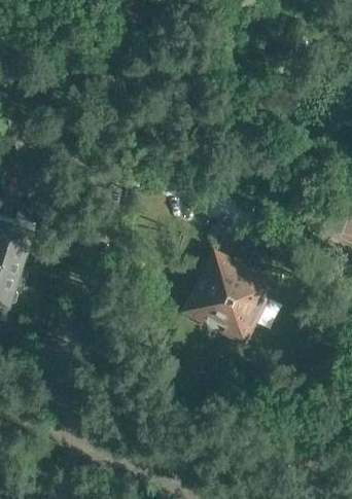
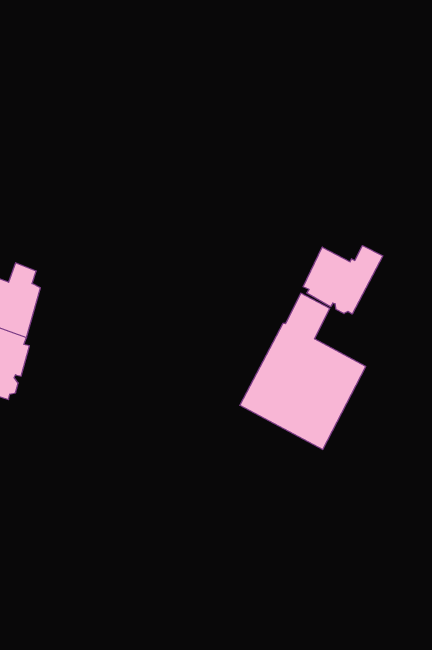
building: none -> [303,246,383,314]

